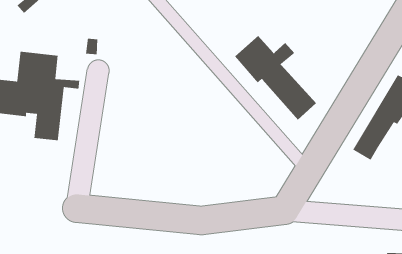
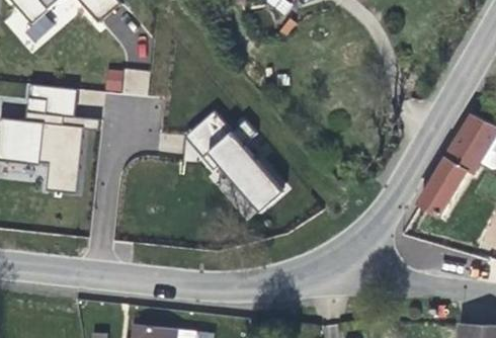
building: [234,35,317,120] -> [184,111,281,212]

